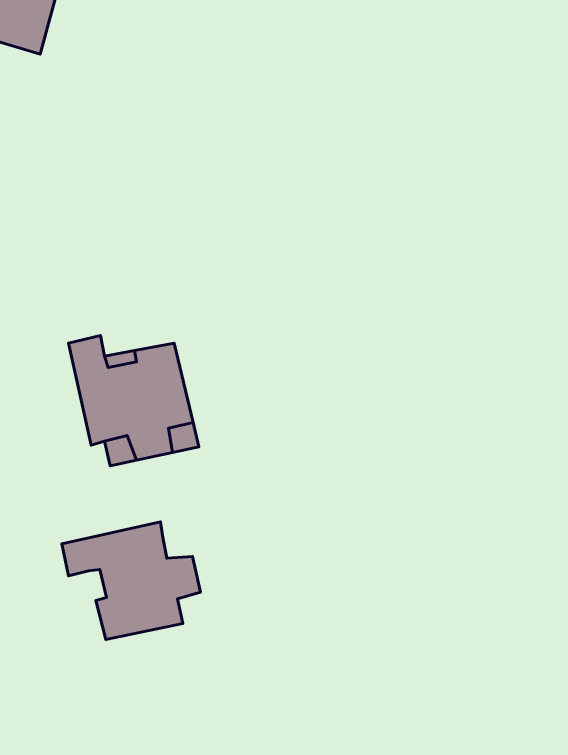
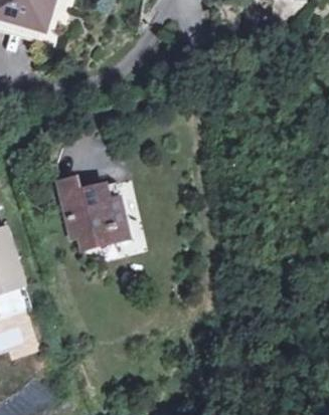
building: [62,522,201,639] -> none

